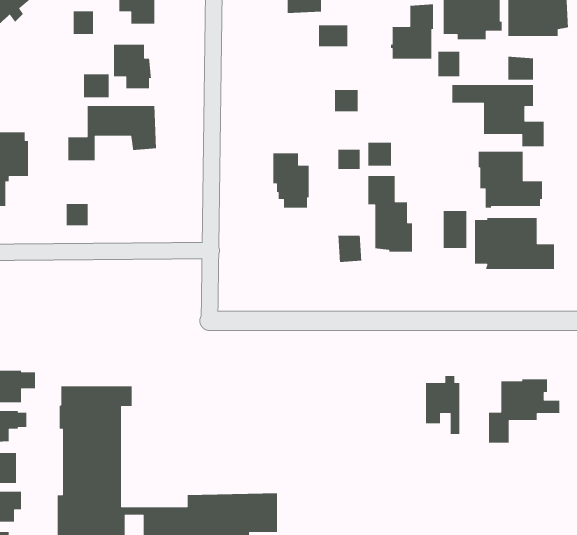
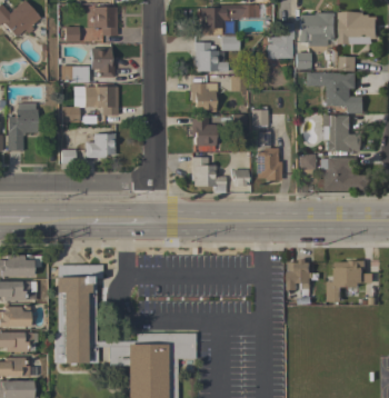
building: none -> [194,42,227,71]
building: none -> [191,83,217,112]
building: none -> [86,133,114,157]
building: none -> [191,157,225,192]

